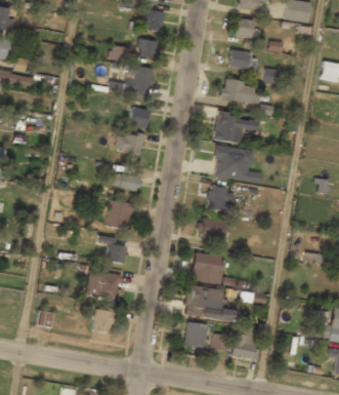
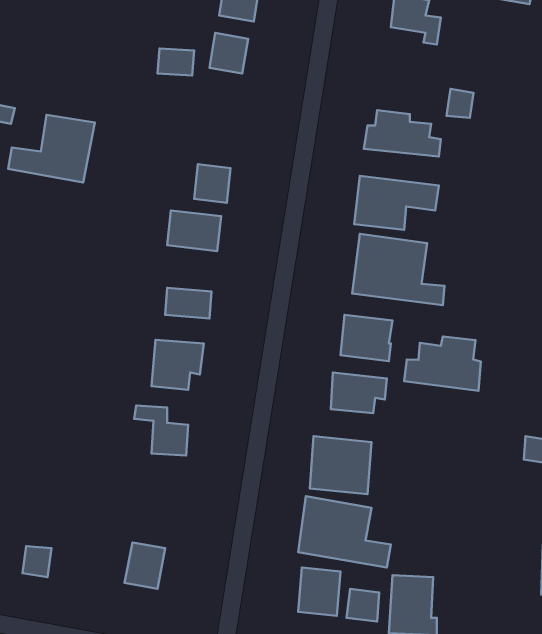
building: [228,50,255,71] -> none
building: [108,64,154,100] -> [8,115,95,182]
building: none -> [404,336,481,391]
building: [86,270,120,298] -> none

